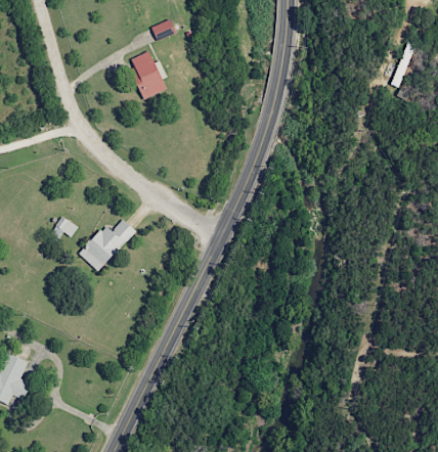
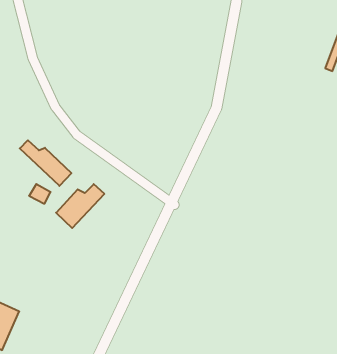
building: [134,52,167,99] -> none
building: none -> [20,140,71,186]

